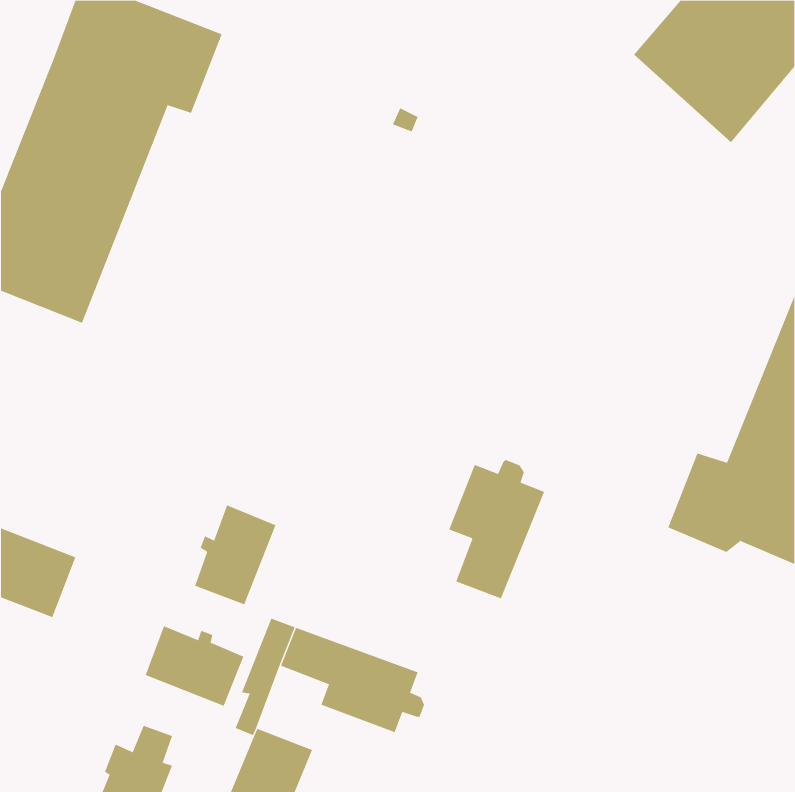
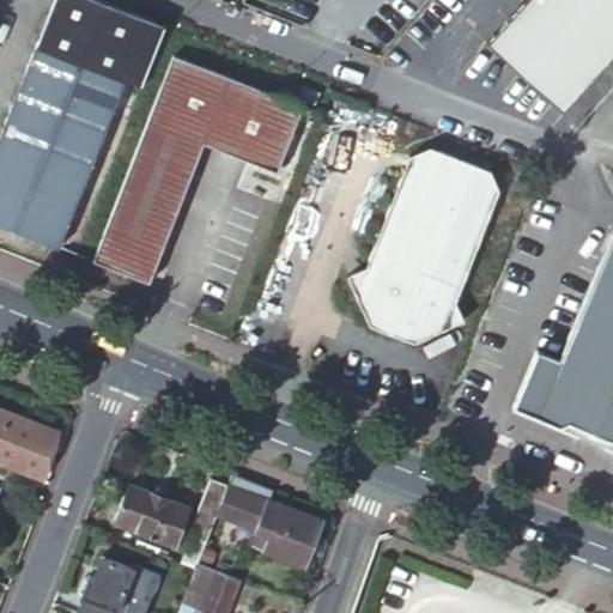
building: none -> [99,59,304,284]
building: none -> [350,150,500,346]
building: [448,459,545,599] -> none
building: [194,505,276,605] -> none

